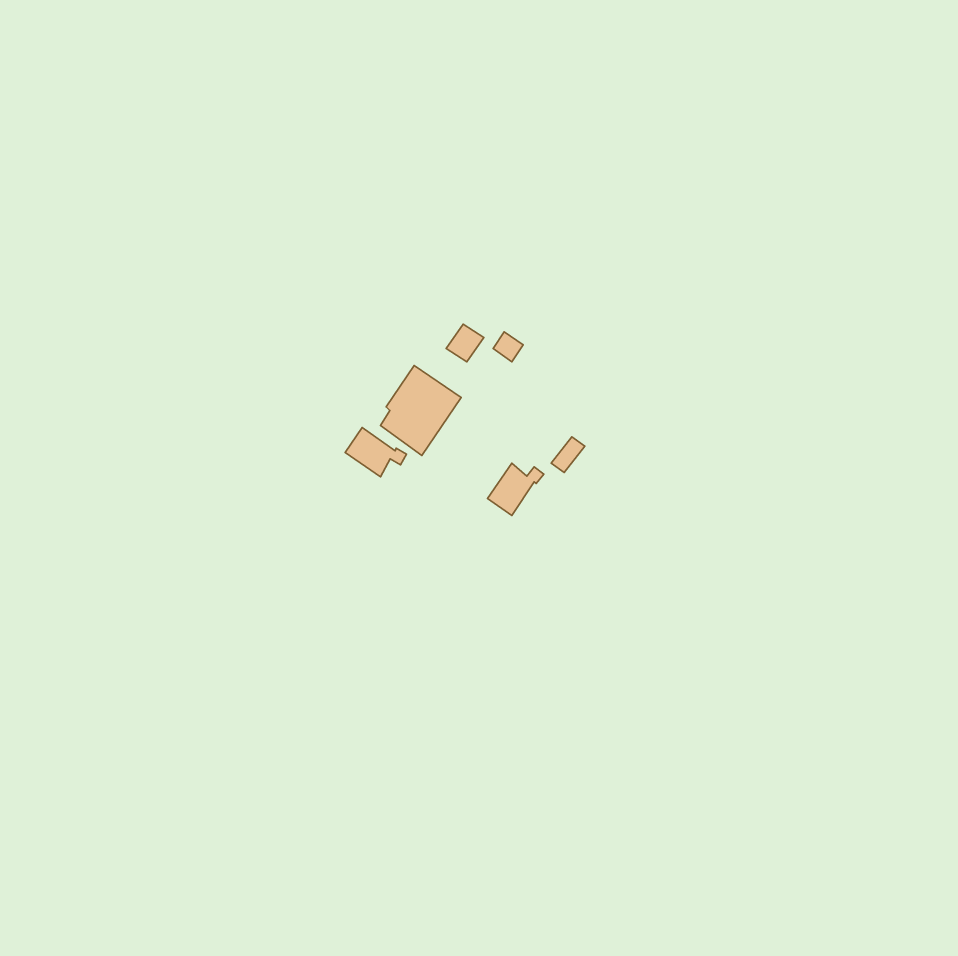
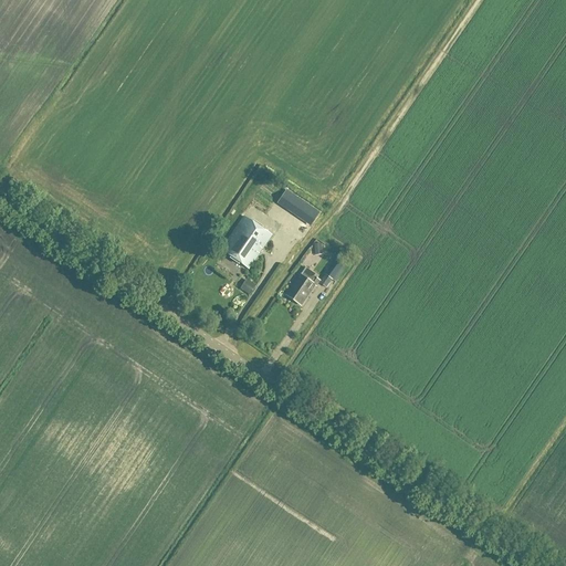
building: [345,427,407,477] -> none

